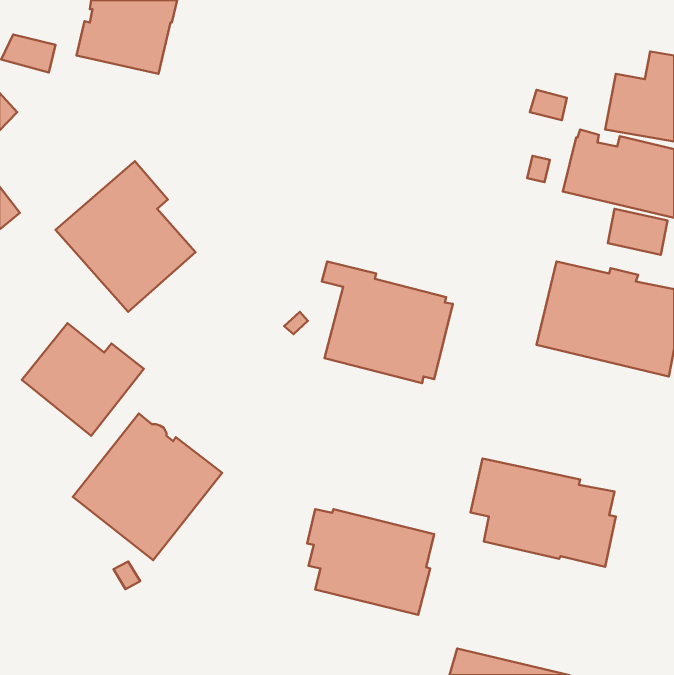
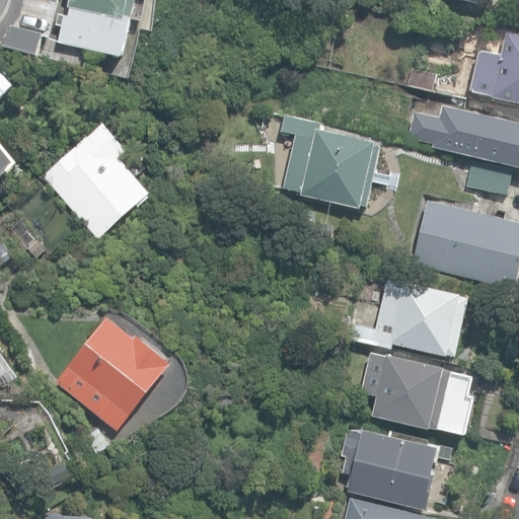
building: [322,262,453,383] -> [280,116,380,209]
building: [22,323,144,436] -> none
building: none -> [341,279,468,357]
building: [307,509,434,615] -> [341,429,438,510]

